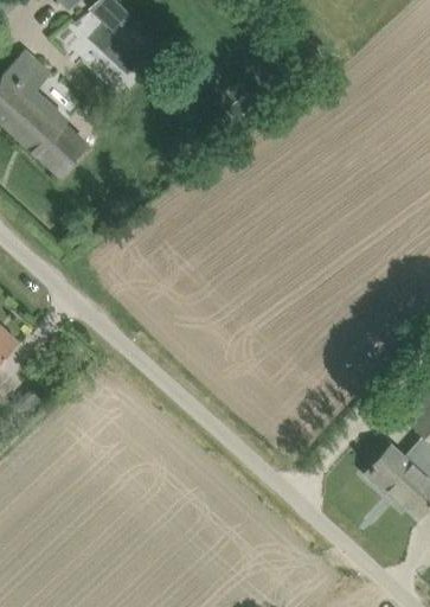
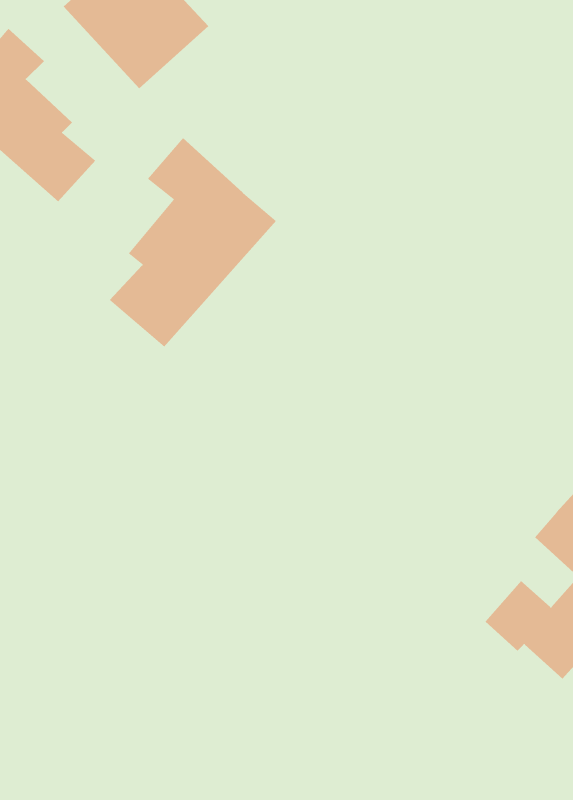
building: none -> [109,137,277,348]

